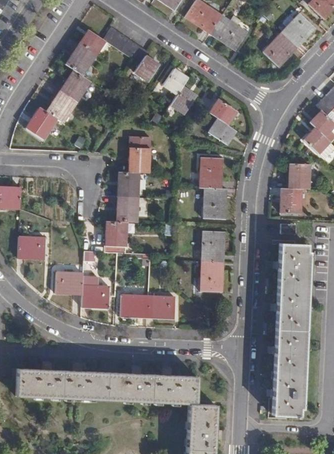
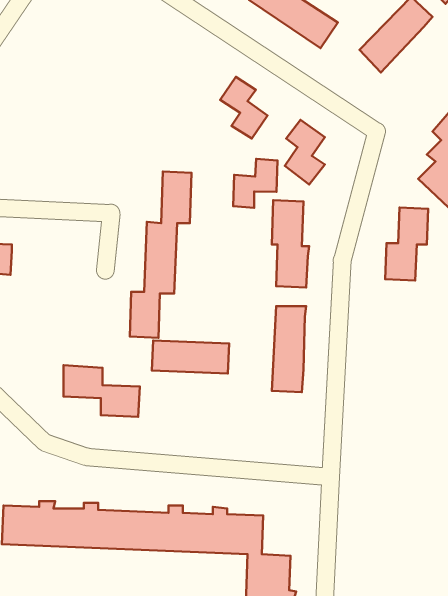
building: [27,26,163,136] -> none
building: none -> [233,159,277,208]
building: [19,236,46,258] -> none
building: [275,242,311,414] -> none
building: [121,294,175,317] -> [152,341,229,374]

